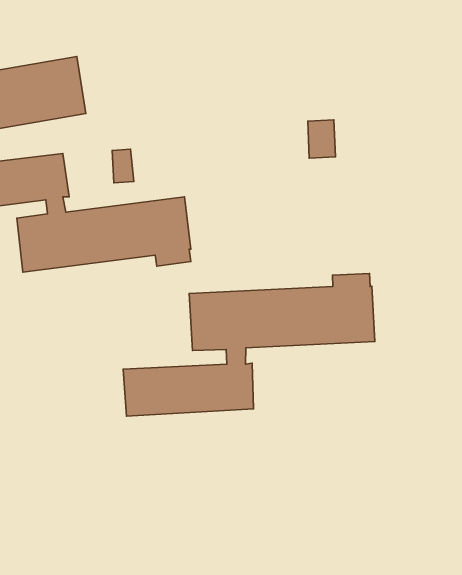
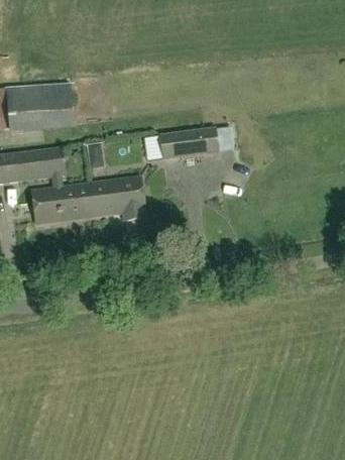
building: none -> [160,128,217,156]
building: [123,274,375,416] -> none

